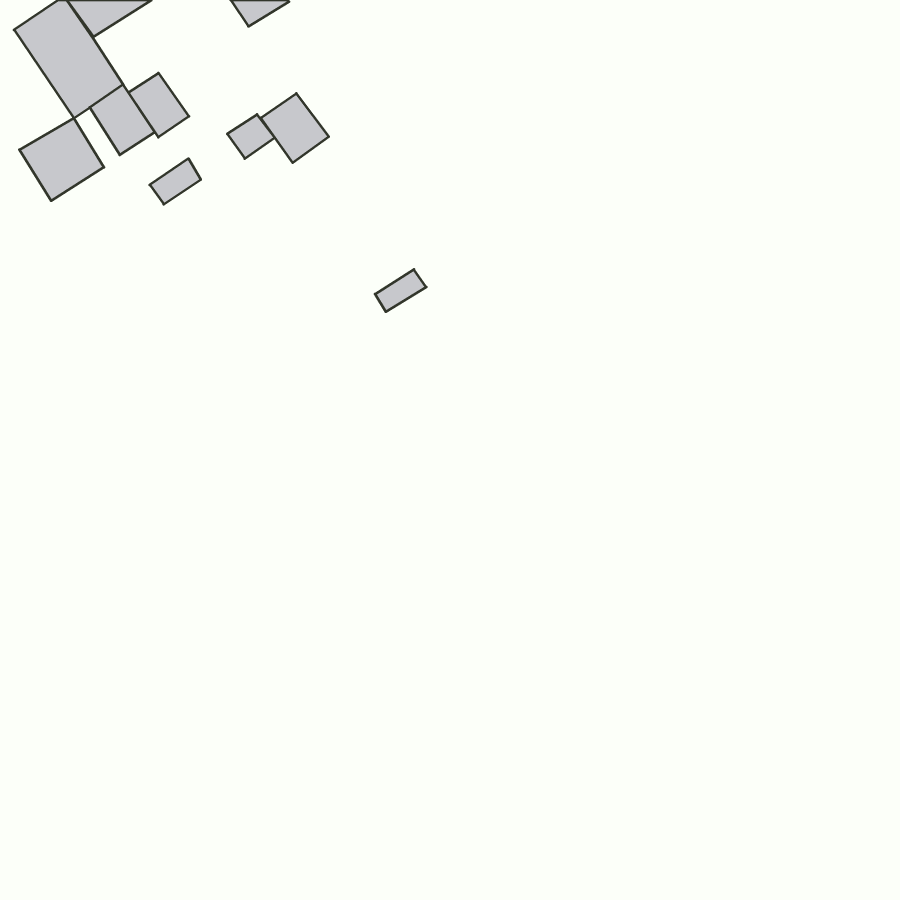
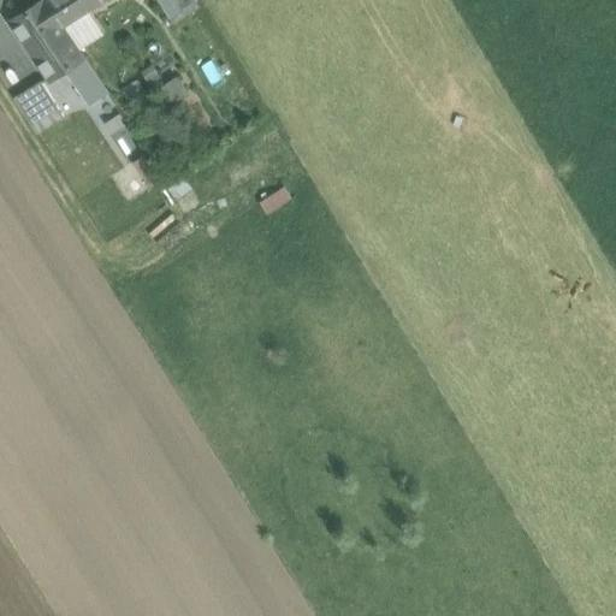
building: [129,73,189,137] -> none
building: [261,93,329,163] -> none

